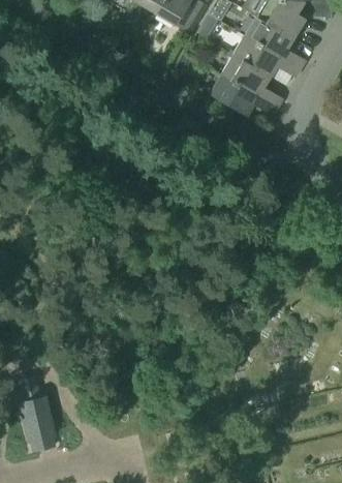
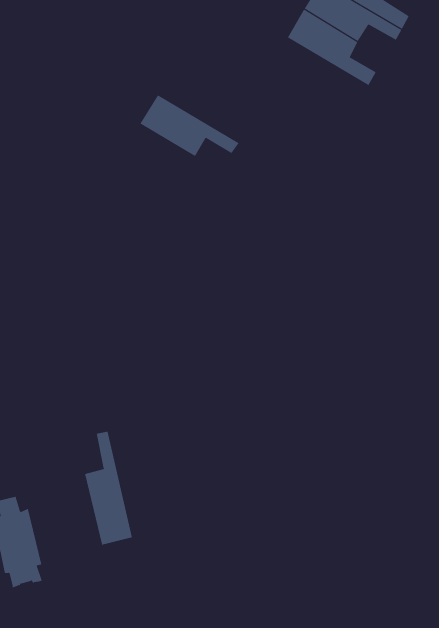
building: [210,73,278,116] -> [140,95,239,157]
building: none -> [84,431,133,545]

